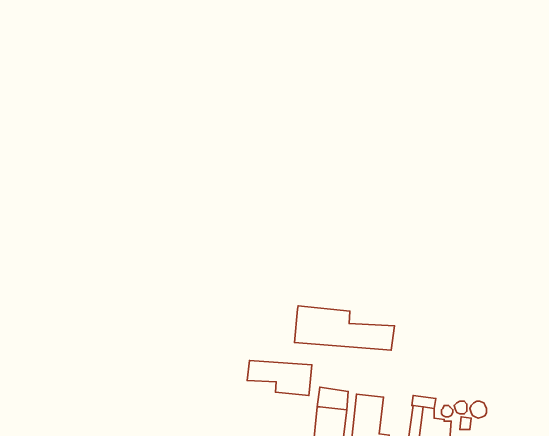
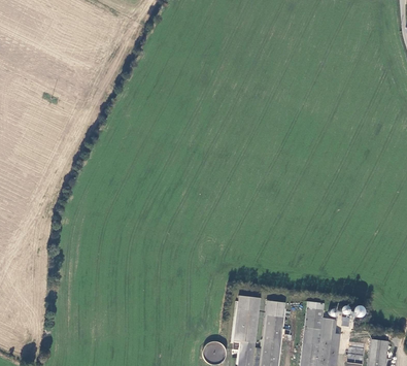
building: [294,306,394,350] -> none
building: [247,360,312,396] -> none

